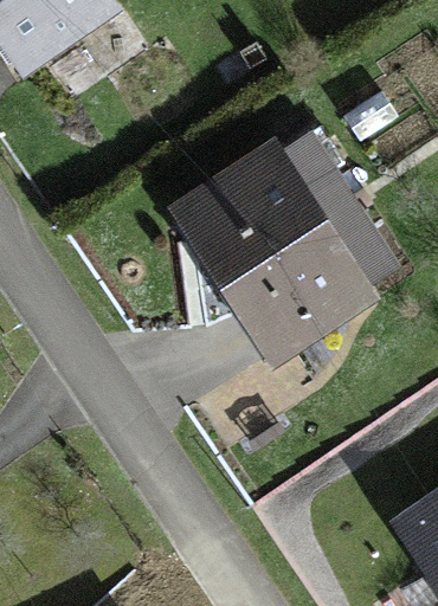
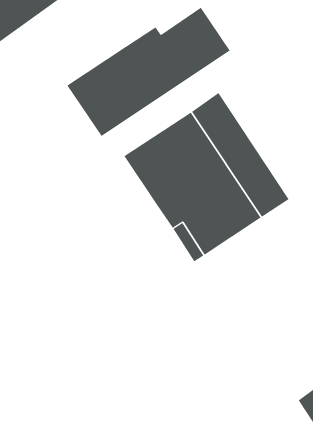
building: none -> [66,7,230,137]

